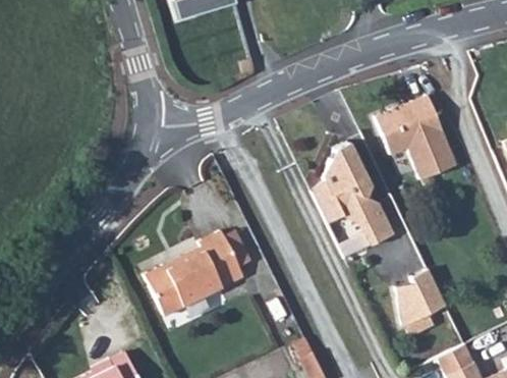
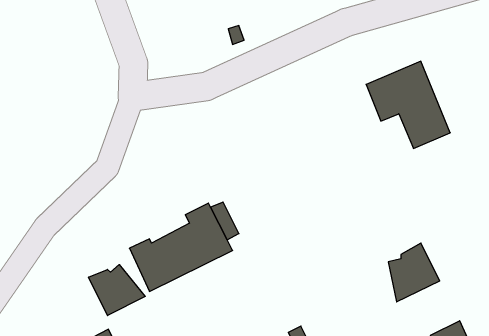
building: [315,147,396,247] -> none
building: none -> [89,265,145,316]

